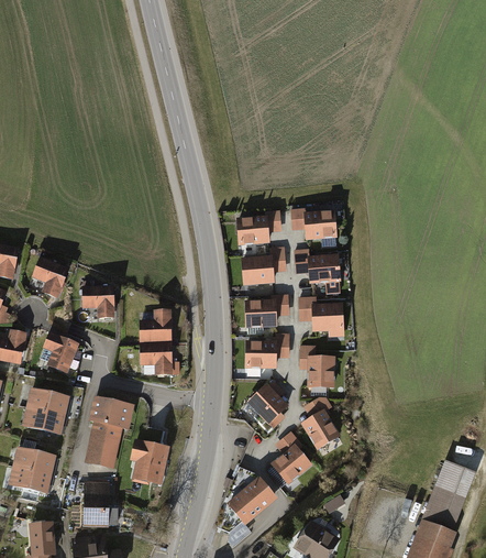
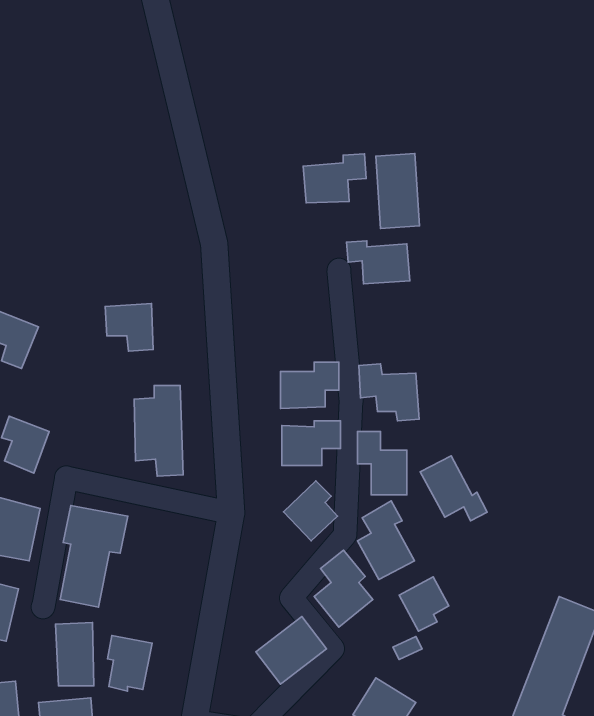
building: none -> [376,154,420,228]
building: [234,209,279,244] -> [303,154,366,203]
building: [294,248,340,282] -> none
building: [240,250,284,282] -> none
building: [84,285,118,319] -> [105,303,153,351]
building: none -> [420,456,487,521]
building: [132,441,164,481] -> [107,636,152,691]
building: none -> [399,577,449,631]

